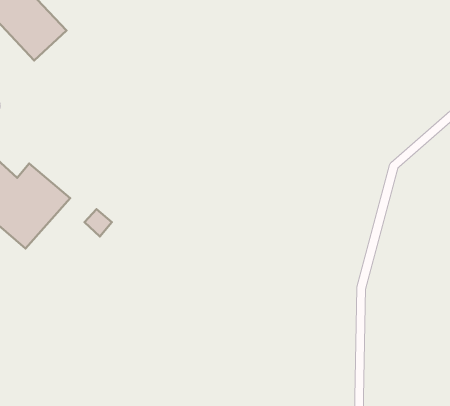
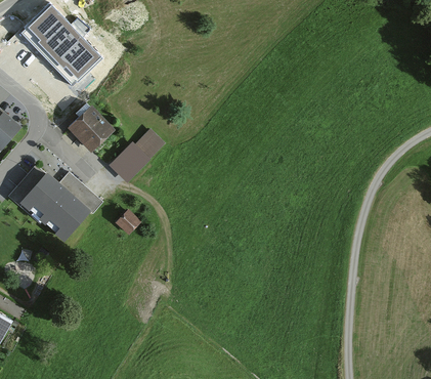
building: none -> [72,107,114,149]
building: none -> [110,128,163,180]

